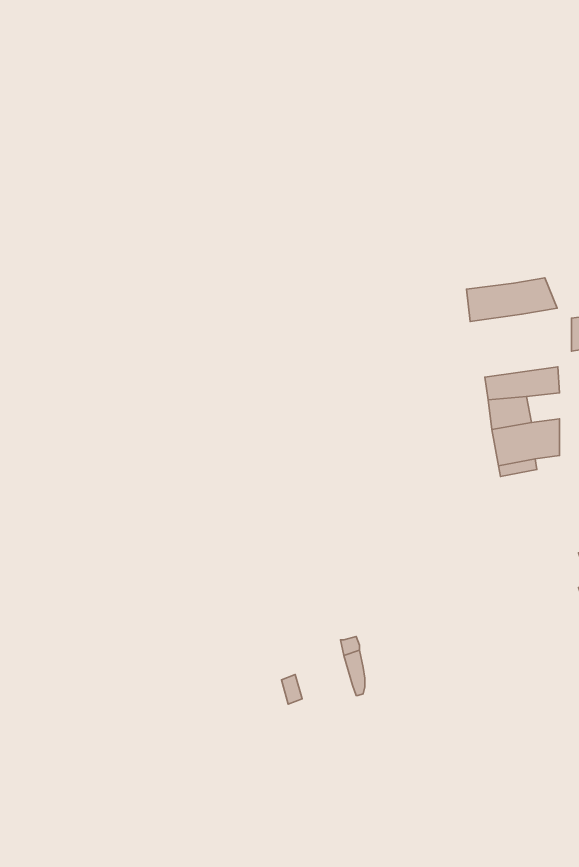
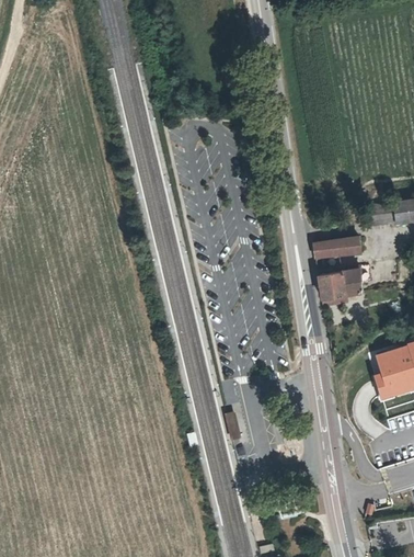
building: [467,278,557,321] -> none

